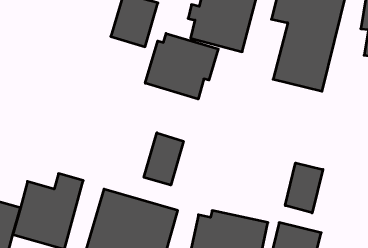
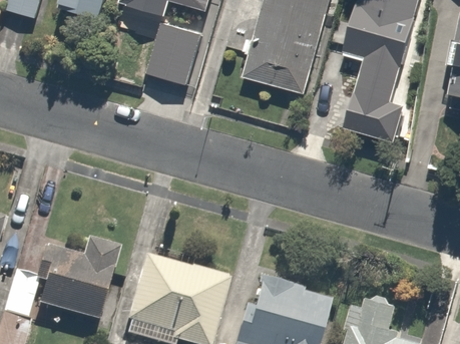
building: [145,33,218,99] -> none
building: [144,133,183,185] -> none
building: [285,163,323,213] -> none

